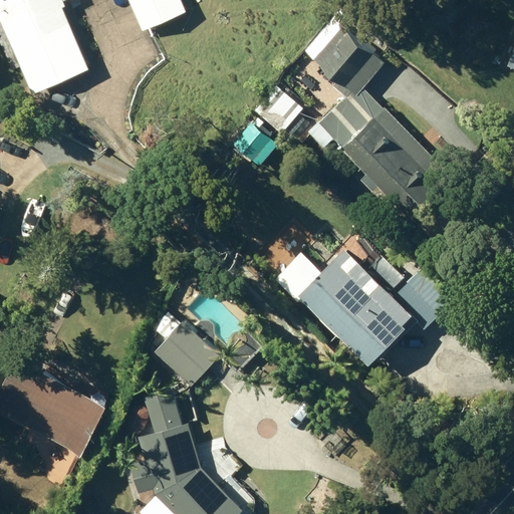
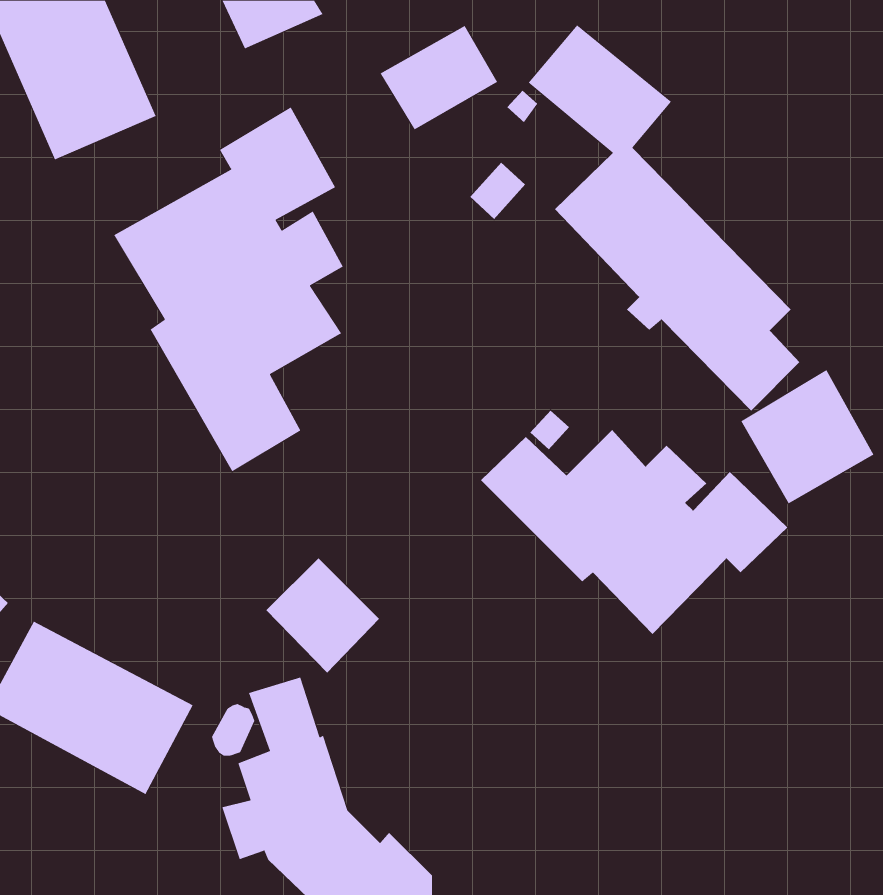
building: none -> [380,25,498,130]
building: none -> [114,106,343,472]
building: none -> [740,369,874,504]

